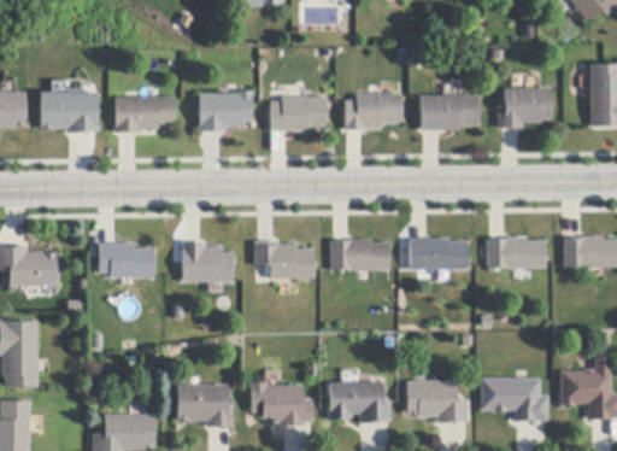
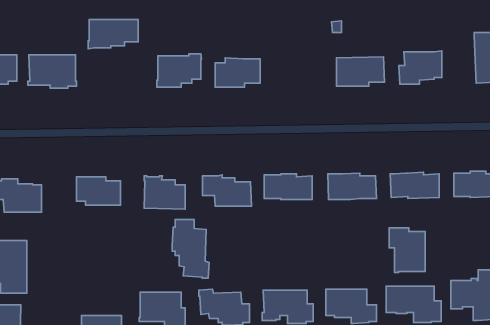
building: [343,93,401,130] -> none
building: [113,96,175,133] -> [88,19,138,49]
building: none -> [172,219,209,278]
building: none -> [389,228,425,272]

